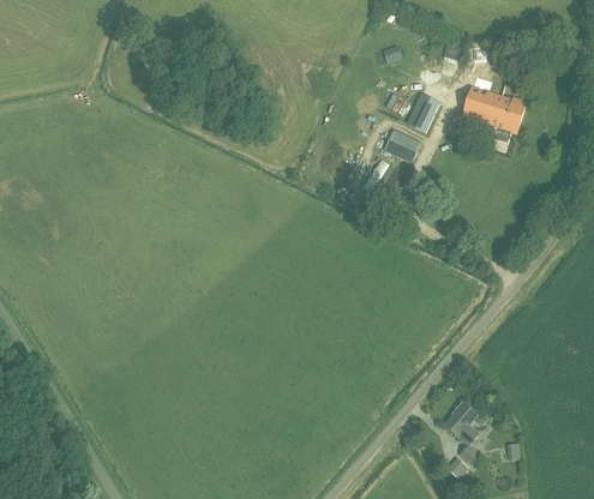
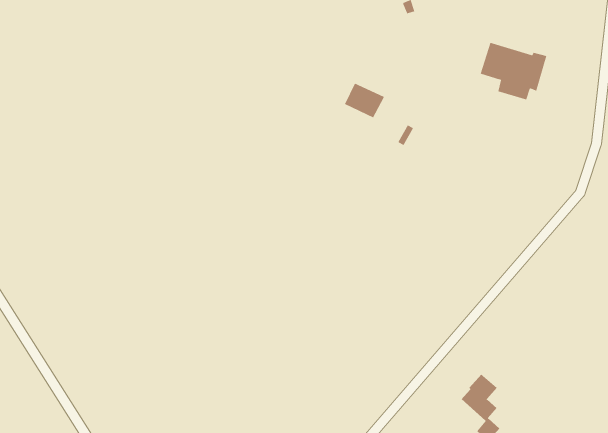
building: [404,92,439,133] -> none
building: [383,130,421,163] -> [344,83,385,118]

